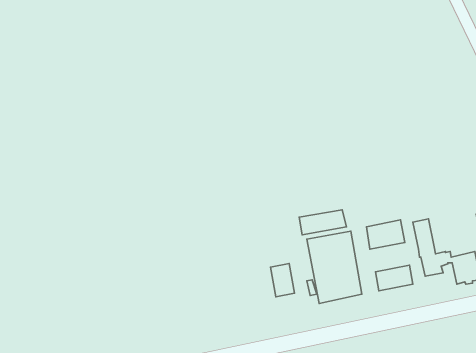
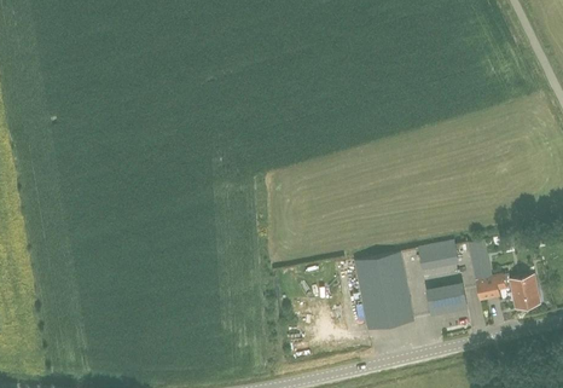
building: [299,210,347,235] -> none
building: [270,264,294,297] -> none

